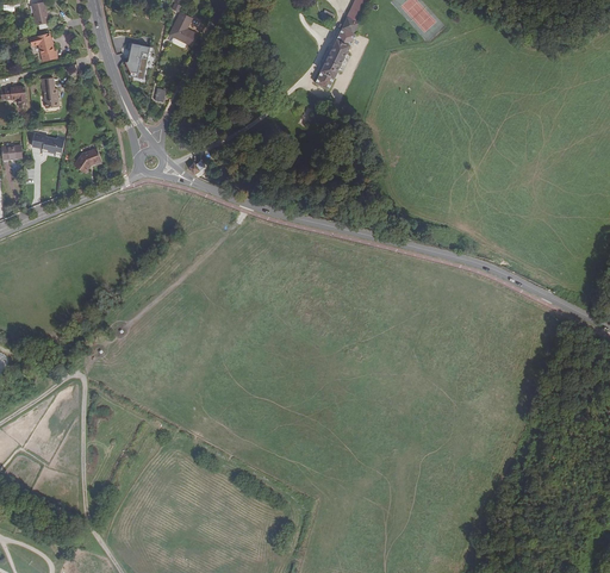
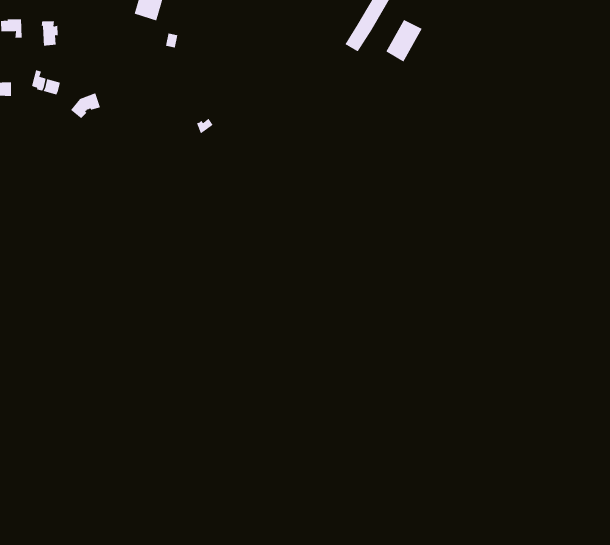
building: none -> [385,19,423,63]

